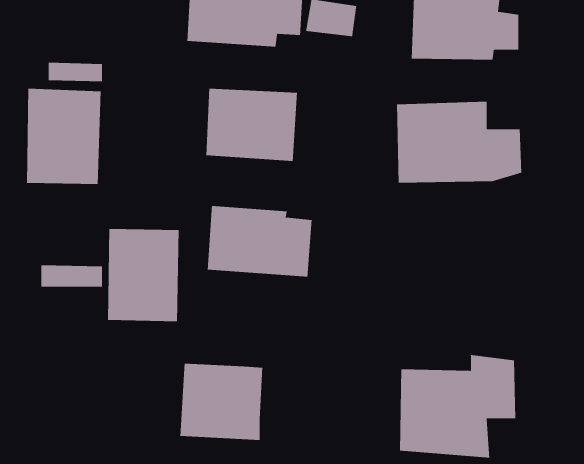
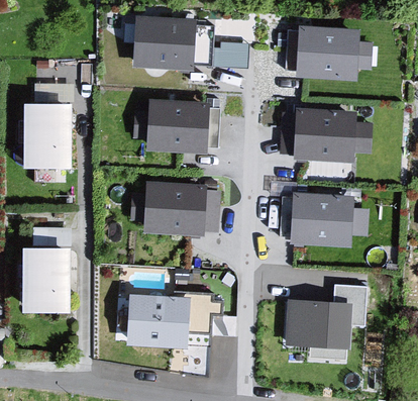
building: none -> [278,197,359,253]
building: [107,228,179,322] -> [20,244,71,310]
building: none -> [174,290,224,333]

